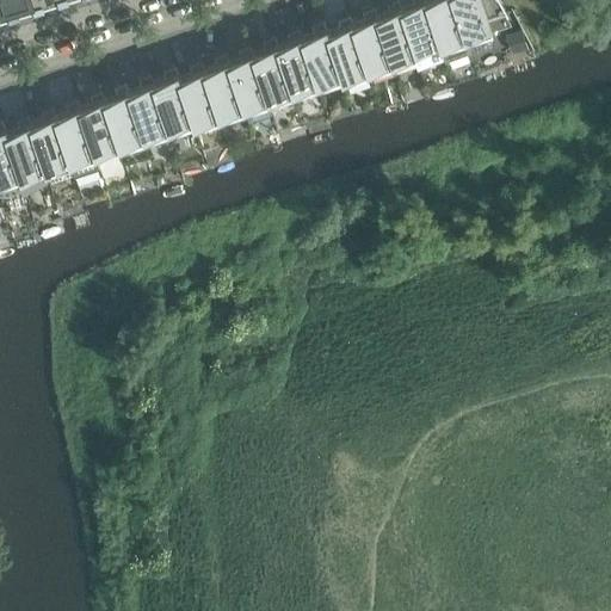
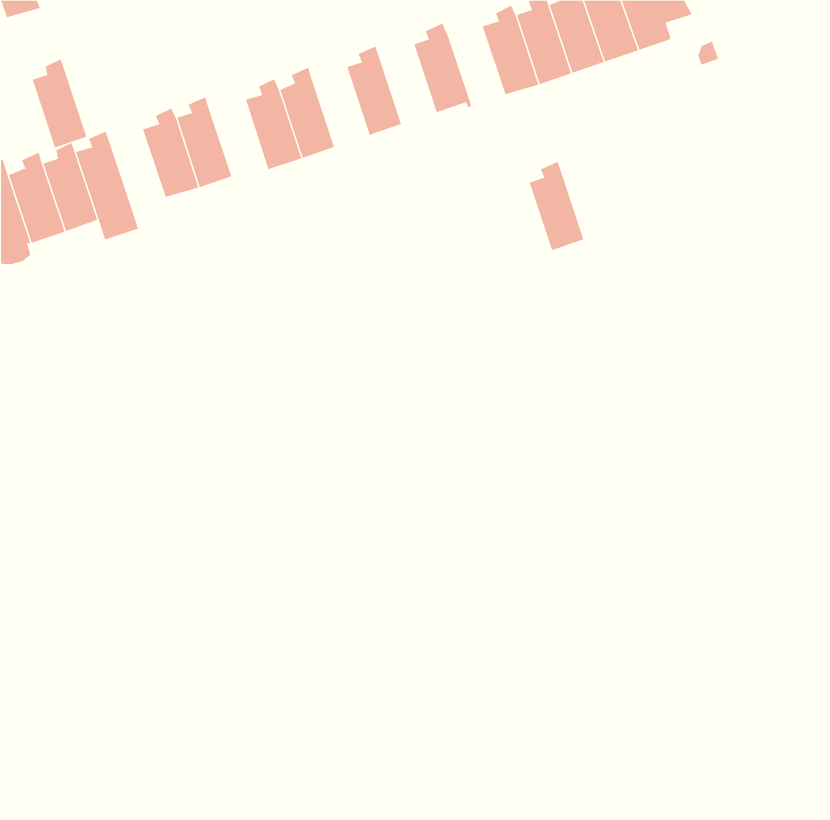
building: [332,23,372,88] -> [529,161,584,251]
building: [280,36,322,101] -> none
building: [232,53,273,118] -> none
building: [156,73,199,140] -> none
building: [84,98,124,163] -> [32,58,87,148]

